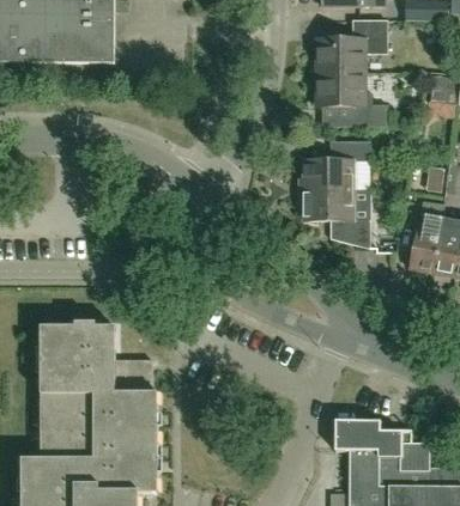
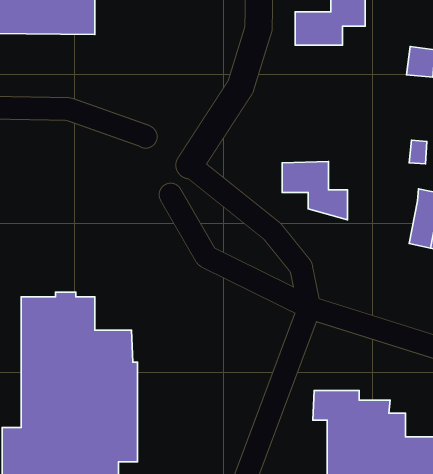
building: [316,73,387,127] -> none
building: [303,141,369,191] -> none
building: [408,201,443,273] -> none

